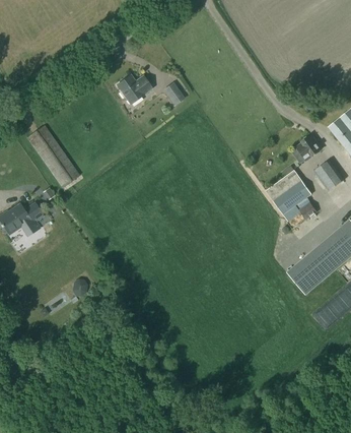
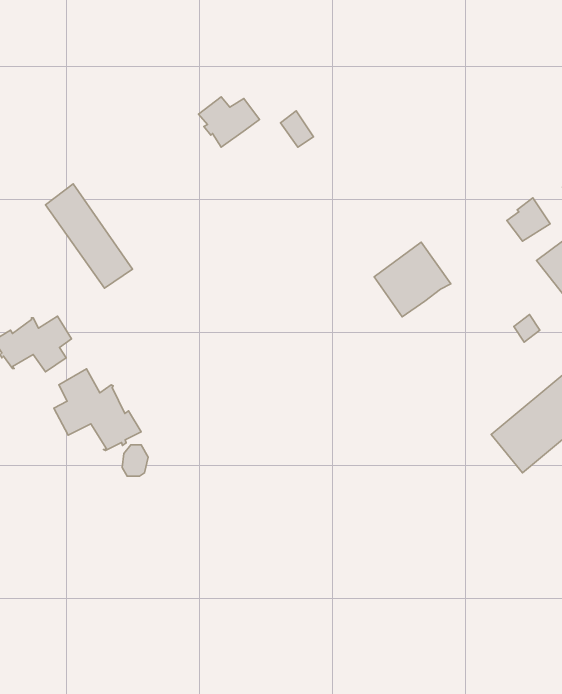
building: [267,169,311,212] -> [374,242,451,317]
building: none -> [54,369,141,451]

